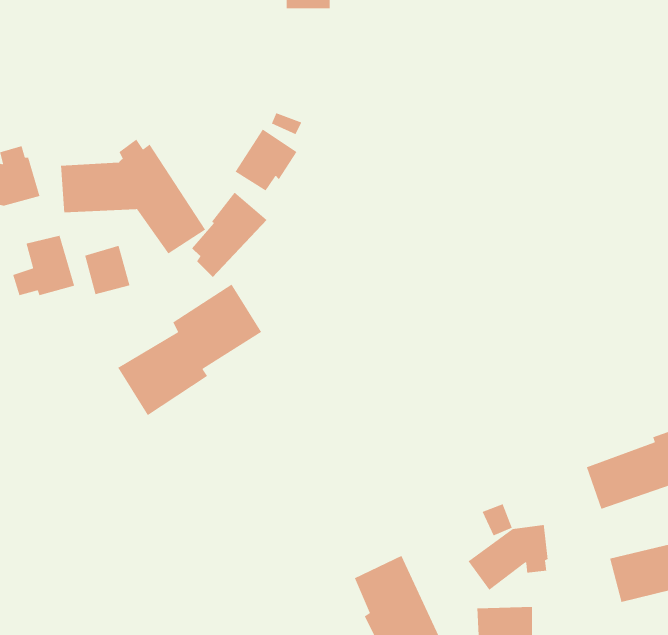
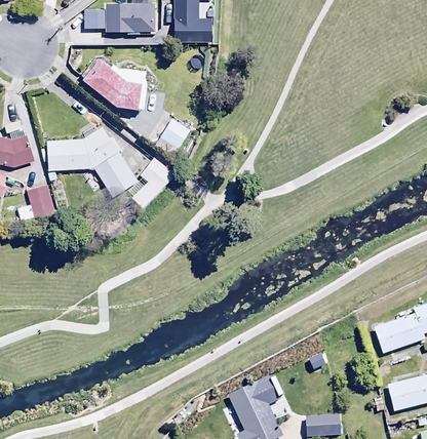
building: none -> [80,59,148,111]
building: [84,245,130,295] -> none
building: [117,284,262,416] -> none
building: [468,524,548,591] -> none

